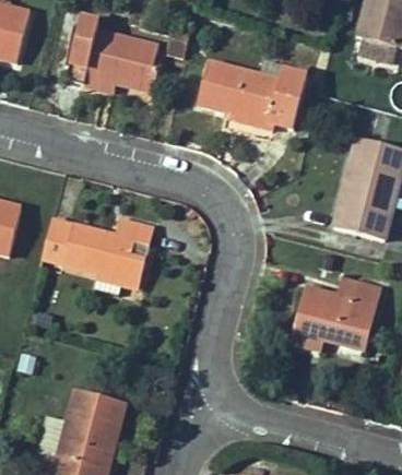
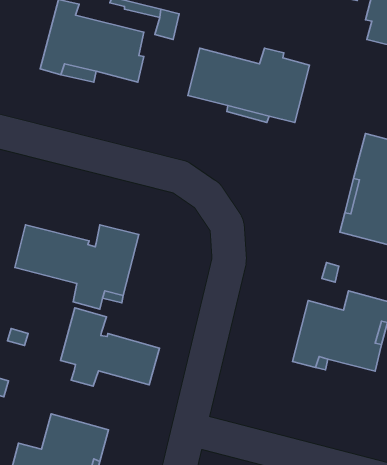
building: none -> [60,308,159,386]

